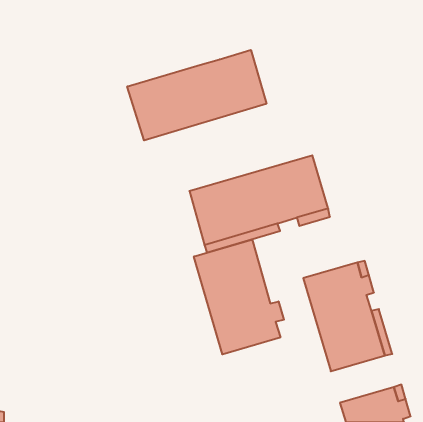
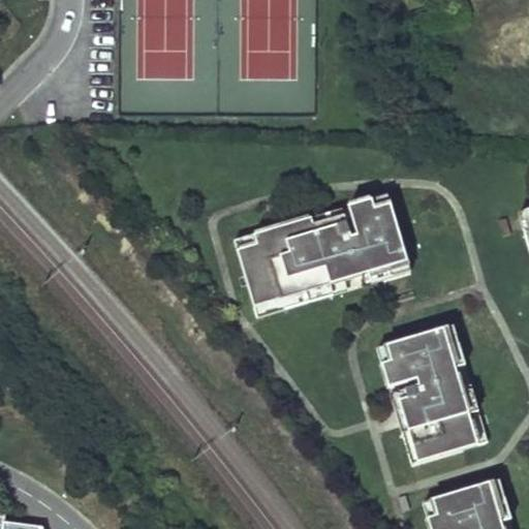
building: [127,50,266,140] -> none
building: [194,239,284,354] -> none

